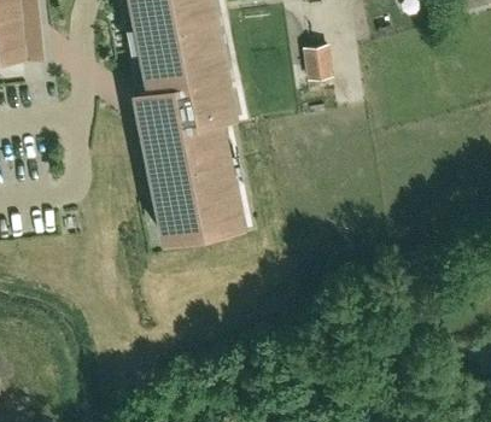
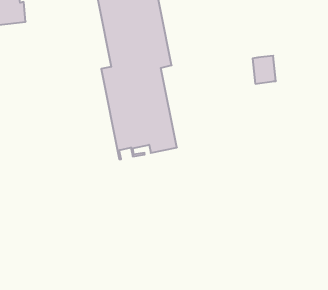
building: [303,42,334,80] -> [253,56,276,84]

